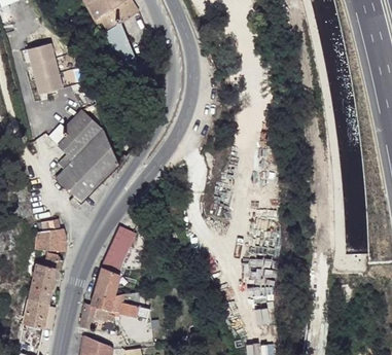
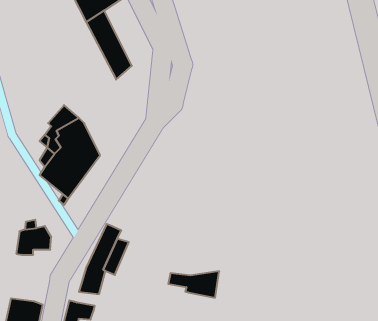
building: [25,40,69,93] -> none
building: [28,257,62,303] -> none
building: [92,291,141,317] -> [168,271,219,298]

